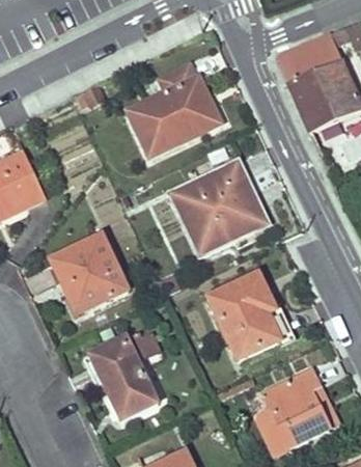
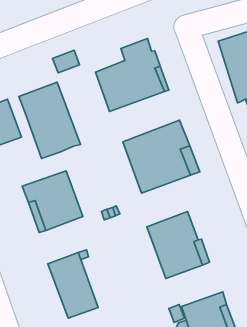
building: none -> [19,82,81,159]

